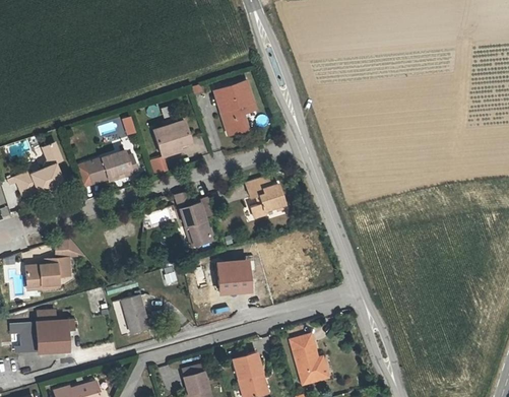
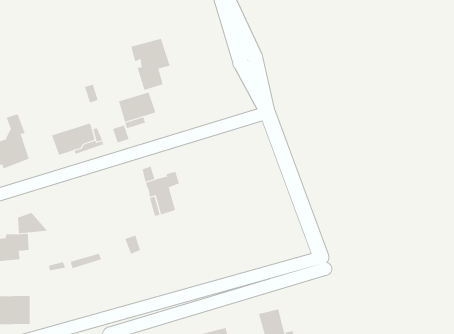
building: [214,81,254,133] -> [130,38,171,91]
building: [247,178,285,219] -> none
building: [217,266,247,294] -> none
building: [123,294,149,334] -> none

